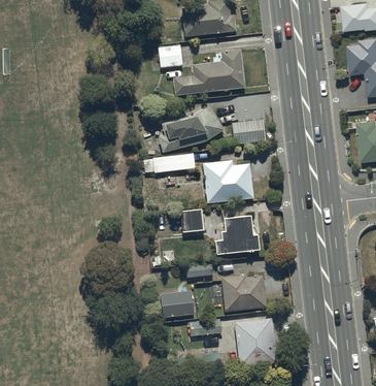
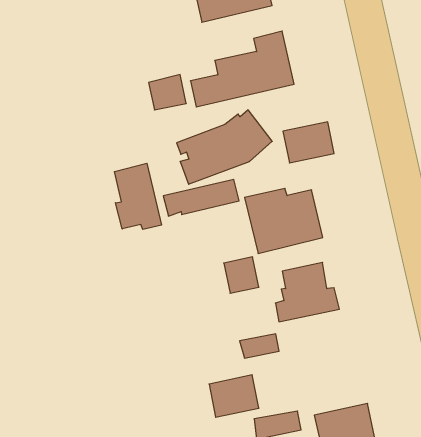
building: [158,44,182,67] -> [149,75,186,110]
building: none -> [114,163,161,229]
building: [217,275,265,313] -> none

